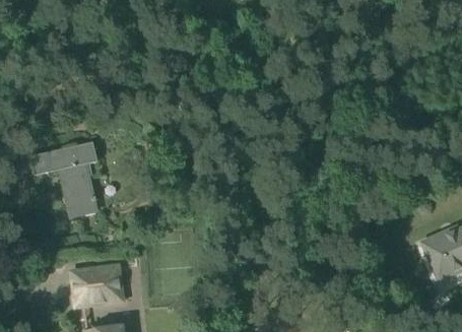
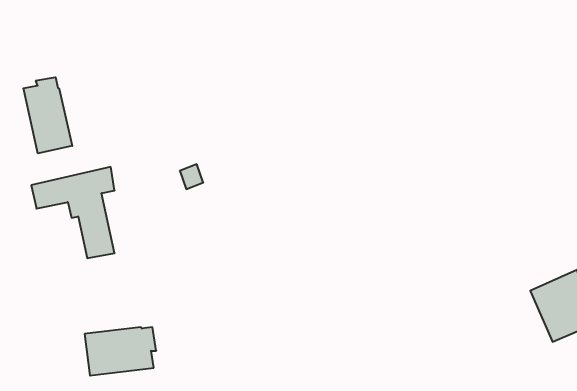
building: none -> [23,77,72,153]

